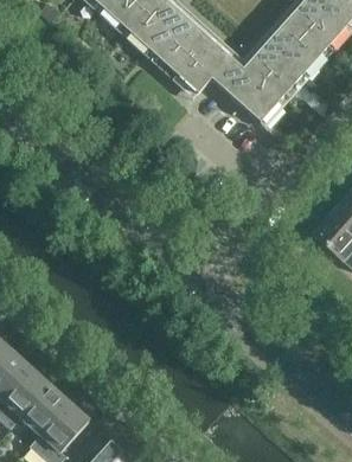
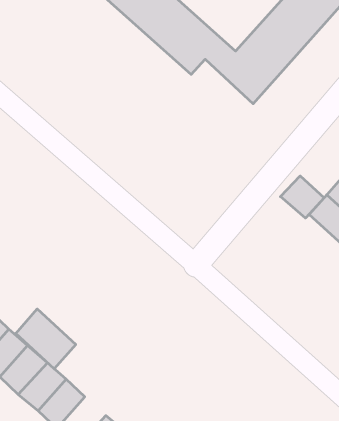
building: none -> [280,176,324,218]
building: none -> [16,309,76,369]

